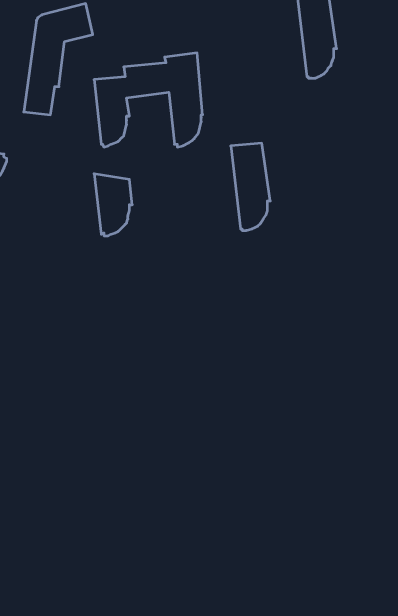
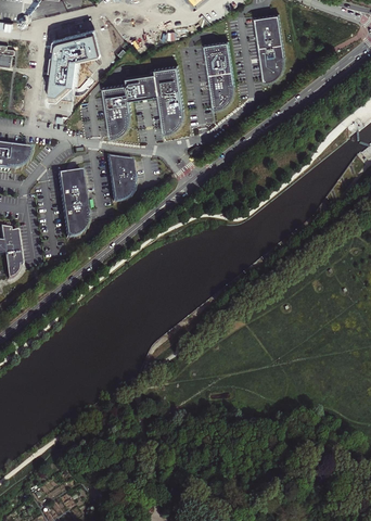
building: [231,143,270,230] -> [206,45,236,112]
building: none -> [57,162,89,236]

